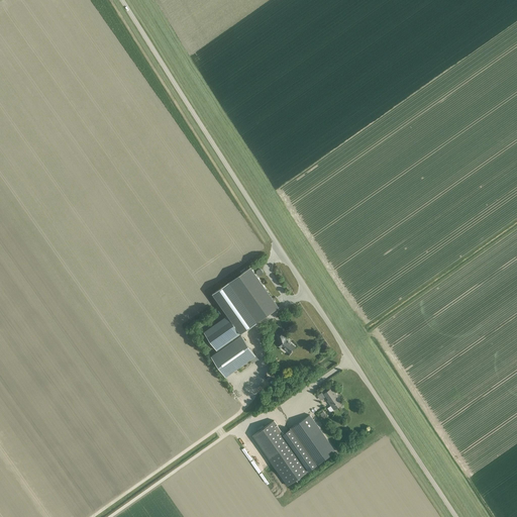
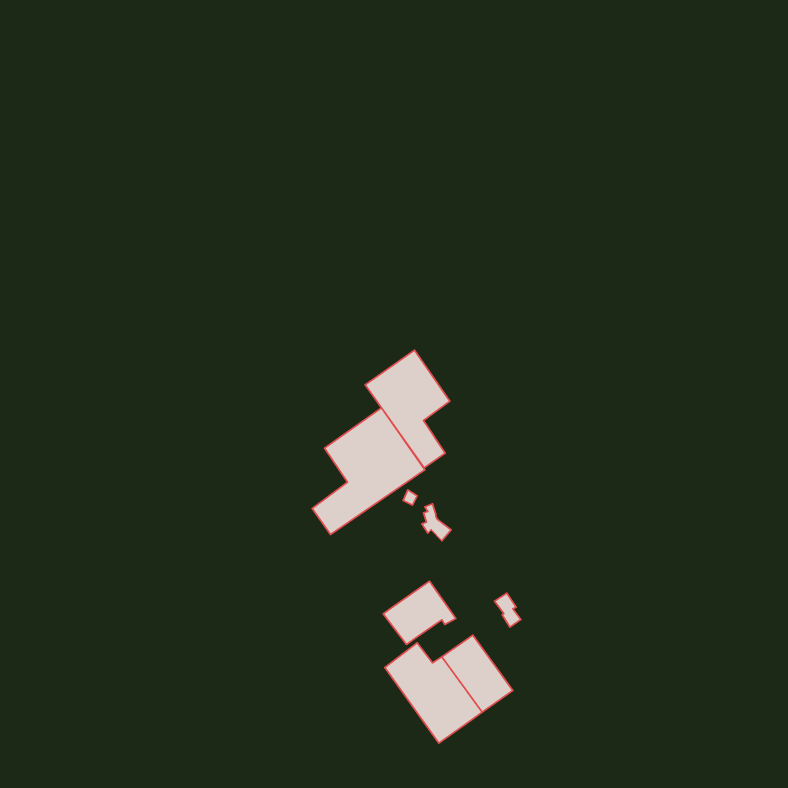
building: none -> [365,350,450,468]
building: [210,336,257,378] -> [383,581,456,645]

